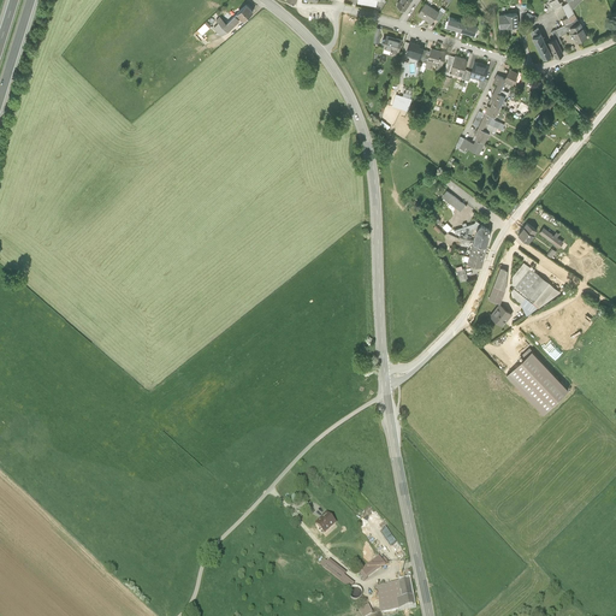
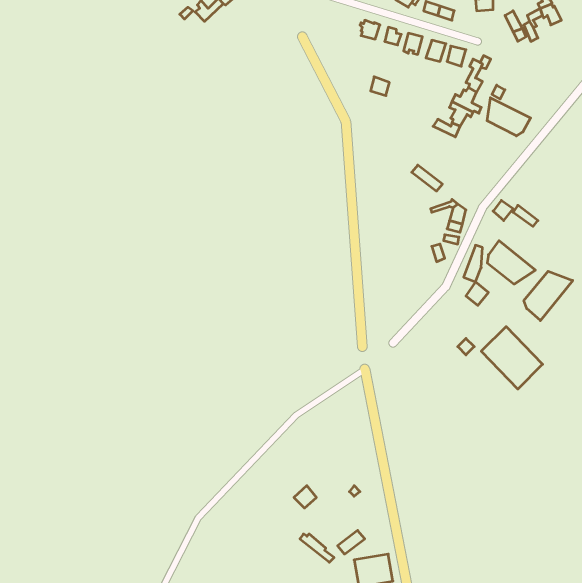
building: none -> [487,98,531,136]
building: none -> [524,271,573,321]

